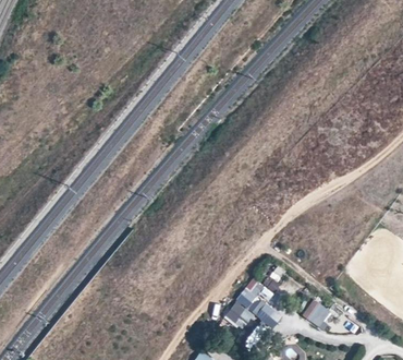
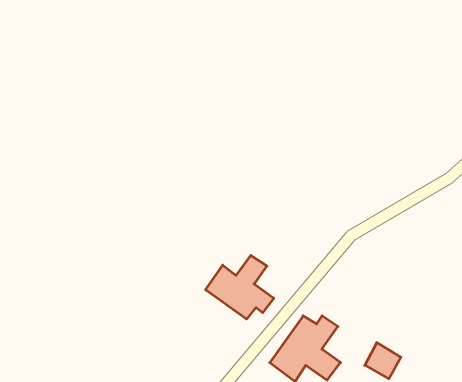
building: none -> [206,255,274,319]

